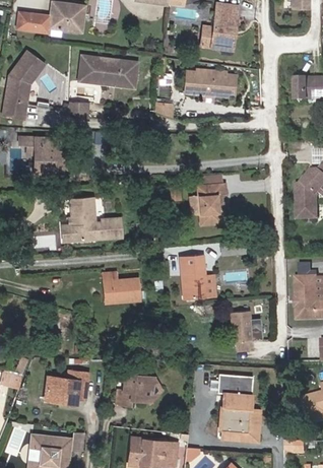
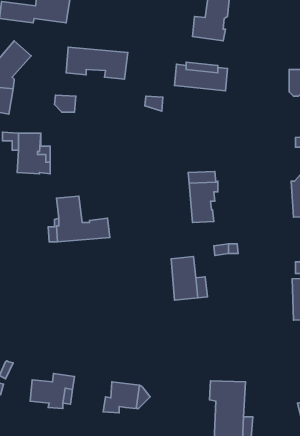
building: [103,272,138,303] -> none
building: [229,311,260,351] -> none

